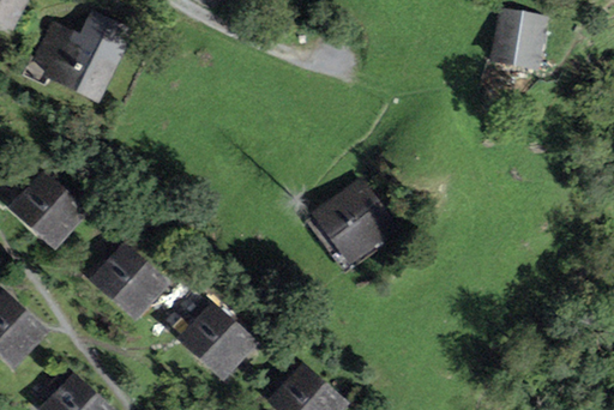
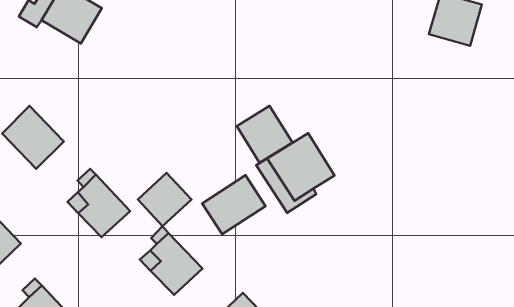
building: none -> [237,106,292,163]
building: none -> [202,175,265,234]
building: none -> [138,173,191,226]

